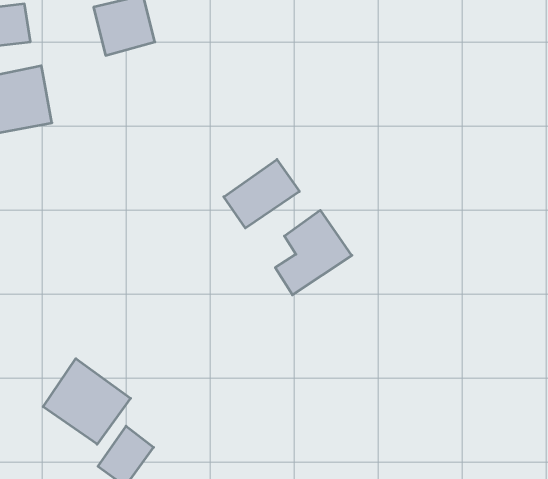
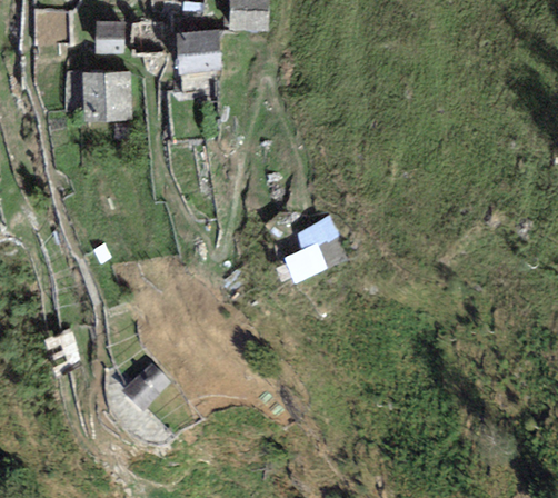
building: [224,159,299,228] -> none
building: [43,359,131,444] -> none

